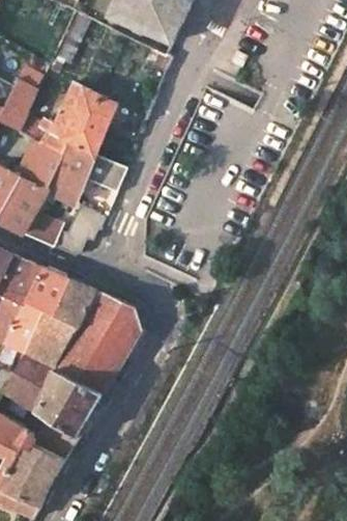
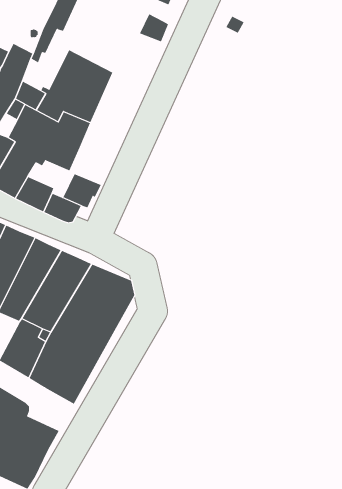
building: [83,156,124,193] -> none
building: [31,417,77,460] -> none

